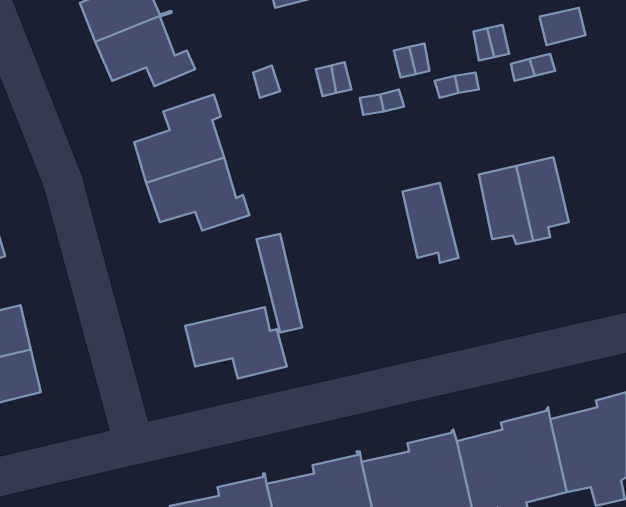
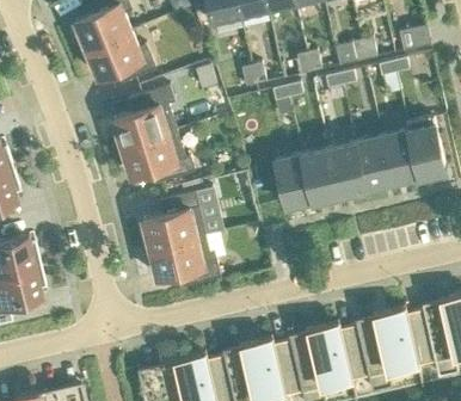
building: none -> [405,118,444,177]
building: none -> [327,143,364,202]
building: none -> [273,155,312,215]
building: none -> [142,193,204,249]

